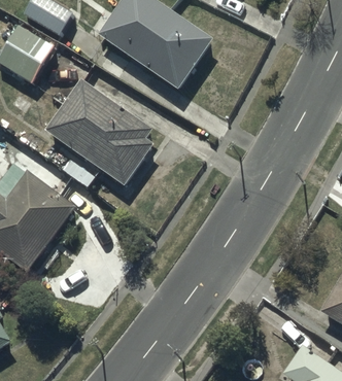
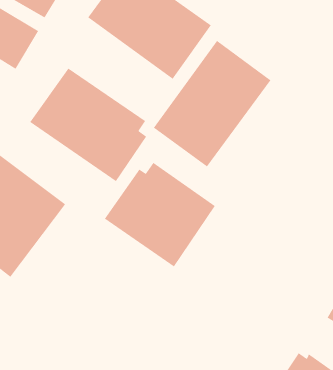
building: none -> [153,40,272,167]
building: none -> [104,162,216,268]

